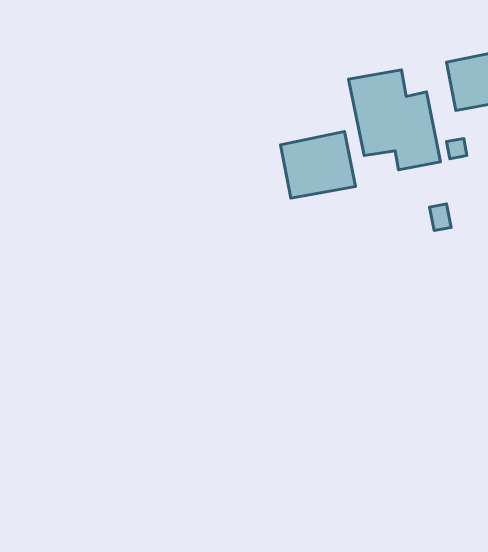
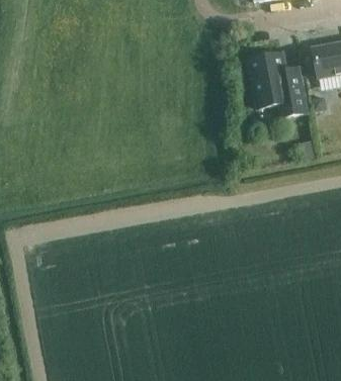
building: [280,131,356,198] -> none

